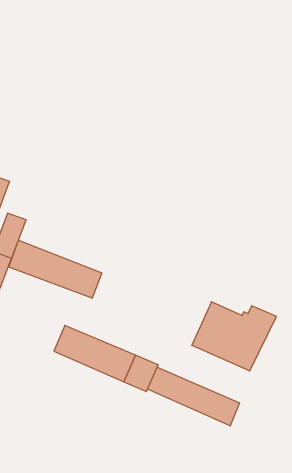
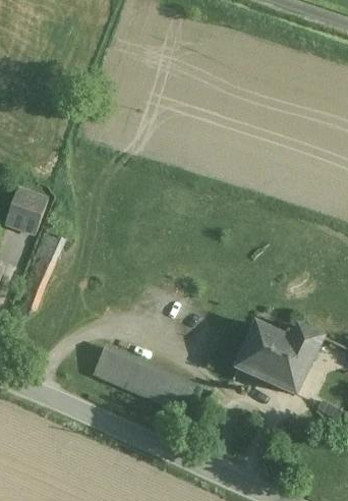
building: [9,240,102,298] -> none
building: [148,367,240,426] -> none

